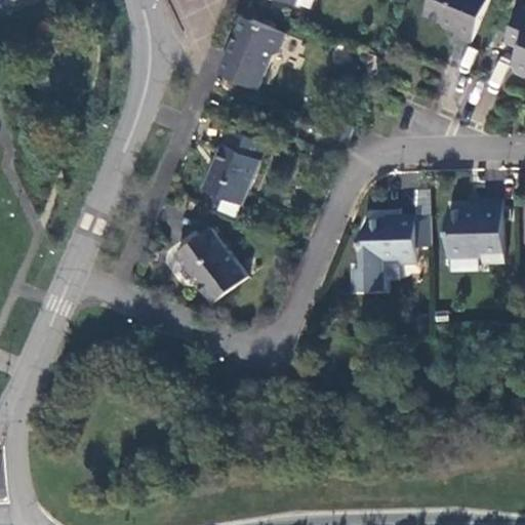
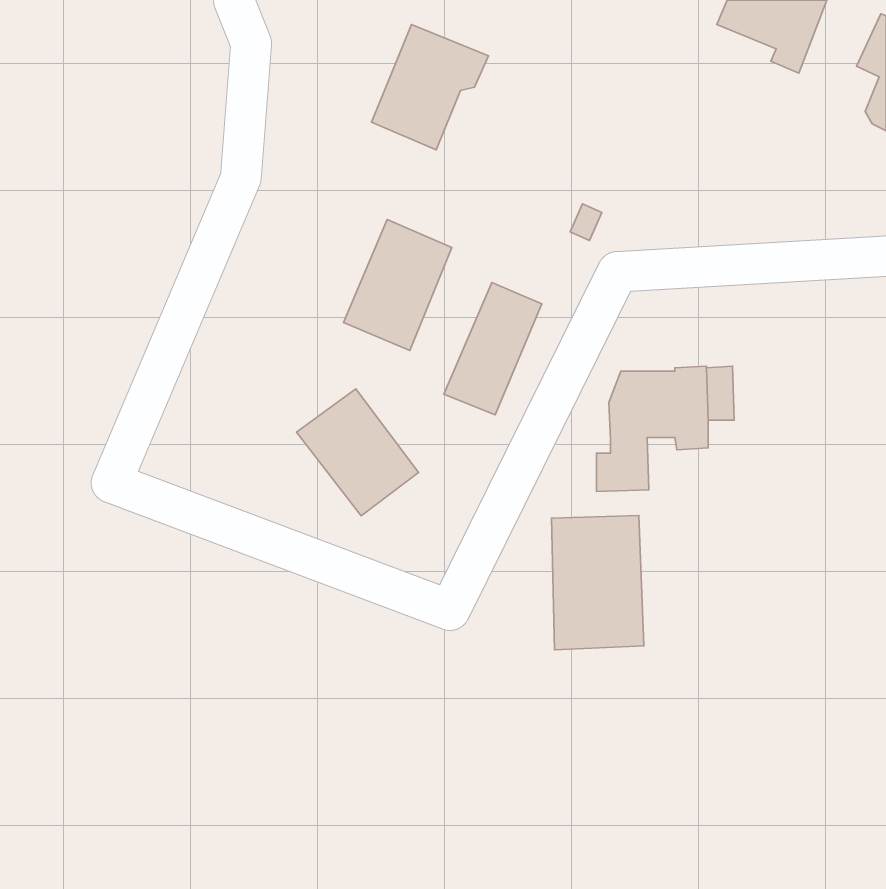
building: none -> [444,283,542,415]
building: [446,201,501,264] -> none
building: none -> [551,515,644,650]

